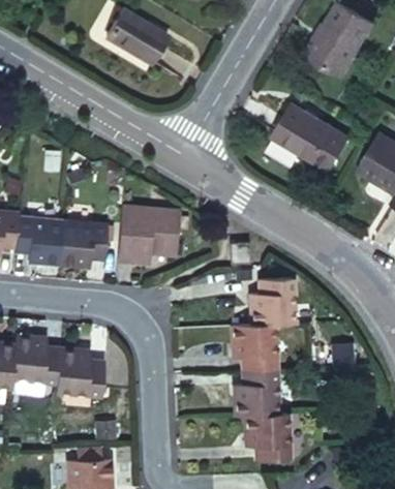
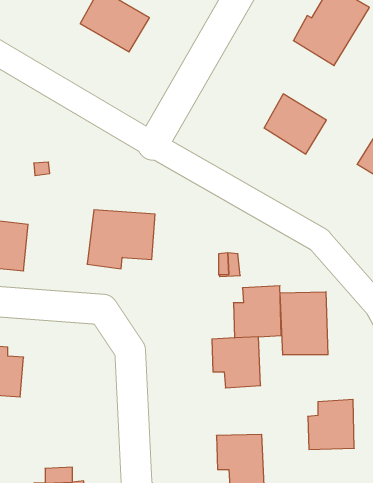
building: [57,223,107,269] -> none
building: none -> [280,292,328,355]
building: [54,344,100,390] -> none
building: [232,370,274,416] -> [308,399,354,449]

